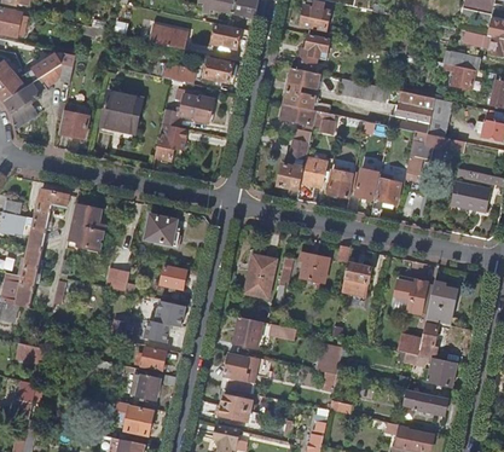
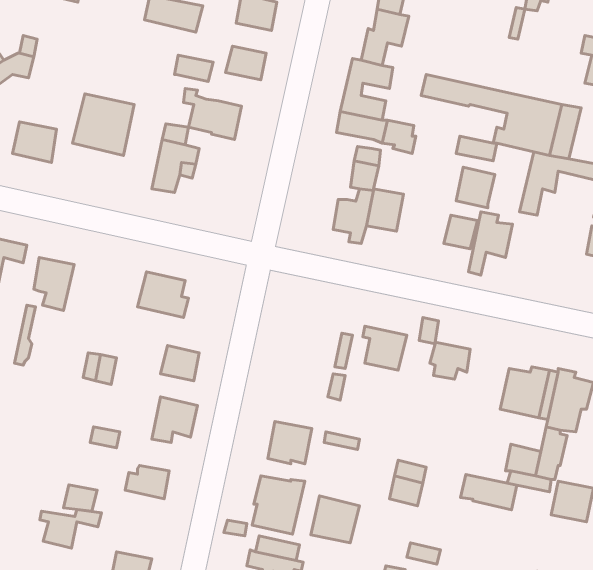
building: [328,169,354,197] -> [456,167,495,208]
building: [244,255,276,297] -> none
building: none -> [311,496,359,543]
building: [134,373,176,400] -> [40,509,101,548]
building: [404,389,442,413] -> [461,474,517,510]

